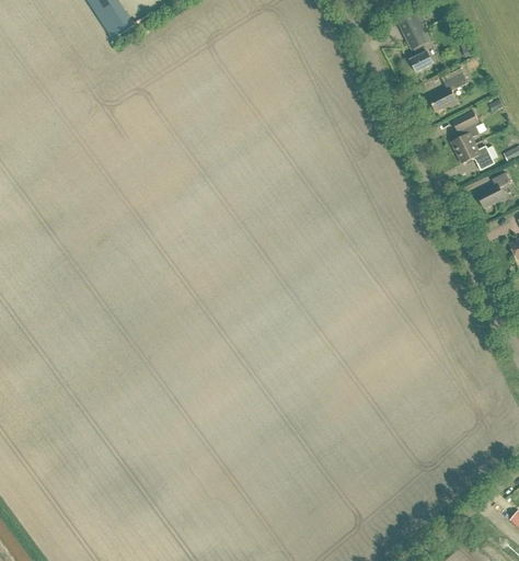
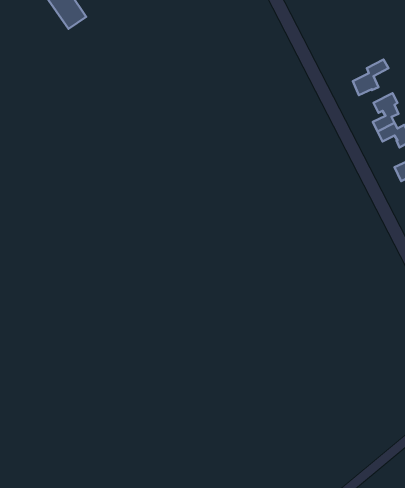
building: [397,12,435,72] -> none

